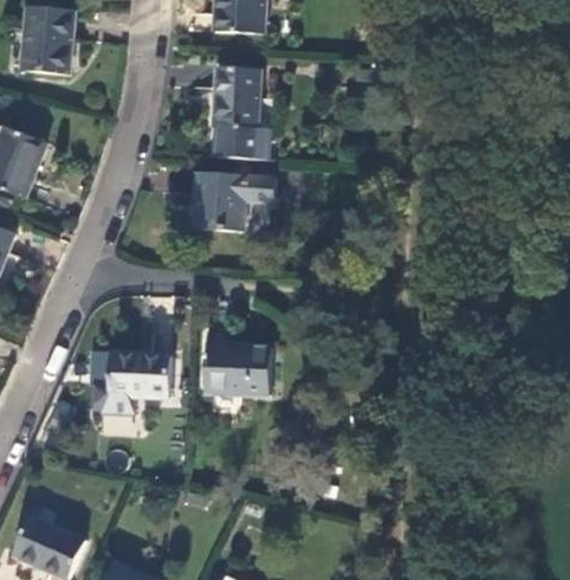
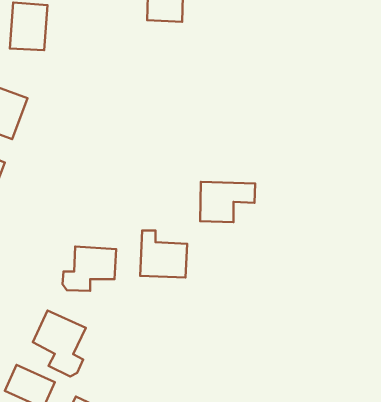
building: [213,66,268,160] -> none
building: [195,173,273,230] -> [200,182,255,222]
building: none -> [33,310,86,377]

